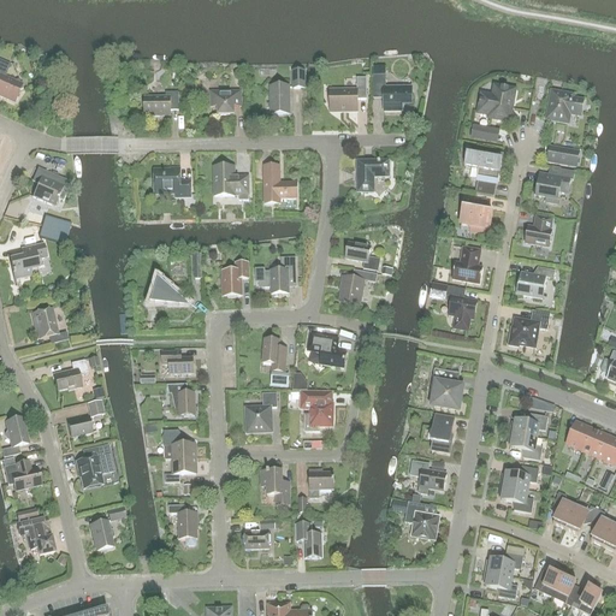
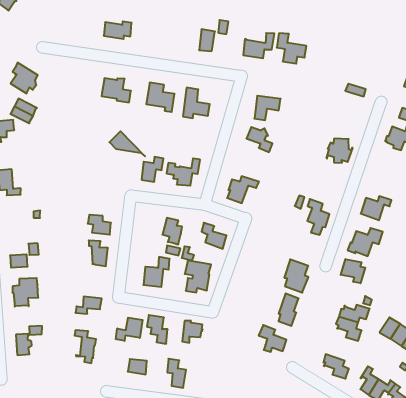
building: [478,84,514,118] -> none
building: [209,89,239,112] -> none
building: [463,148,502,195] -> none
building: [523,214,551,245] -> none
building: [344,239,379,270] -> [246,127,272,152]
building: [451,245,481,283] -> none
building: [146,278,195,306] -> [109,131,145,156]
building: none -> [341,259,365,283]
building: [53,357,87,389] -> none
building: [162,428,195,458] -> none
building: [499,464,538,488] -> none
building: none -> [116,318,143,341]
building: [403,499,438,538] -> none

